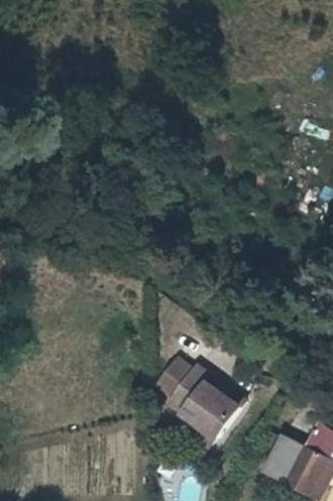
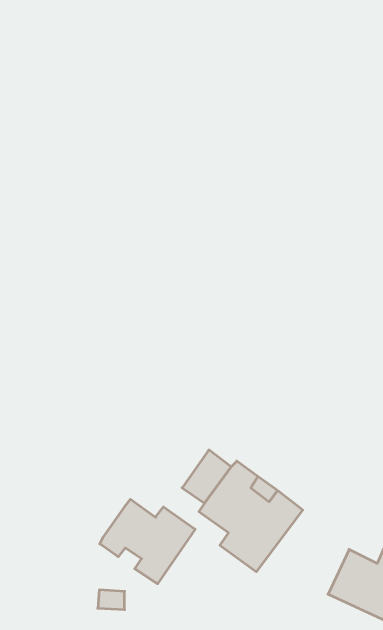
building: none -> [100,499,195,584]

